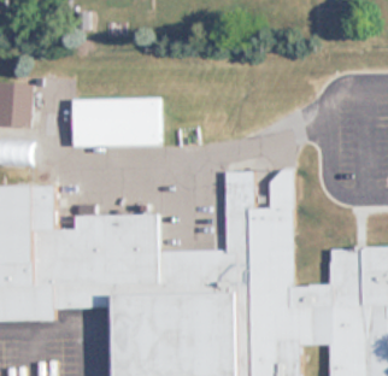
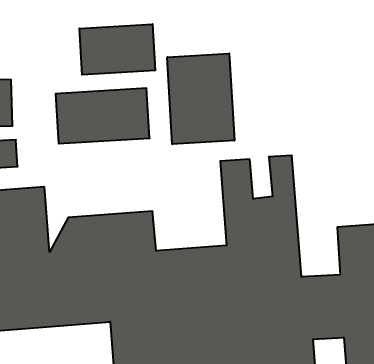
building: none -> [79,24,155,75]
building: none -> [167,53,234,144]

